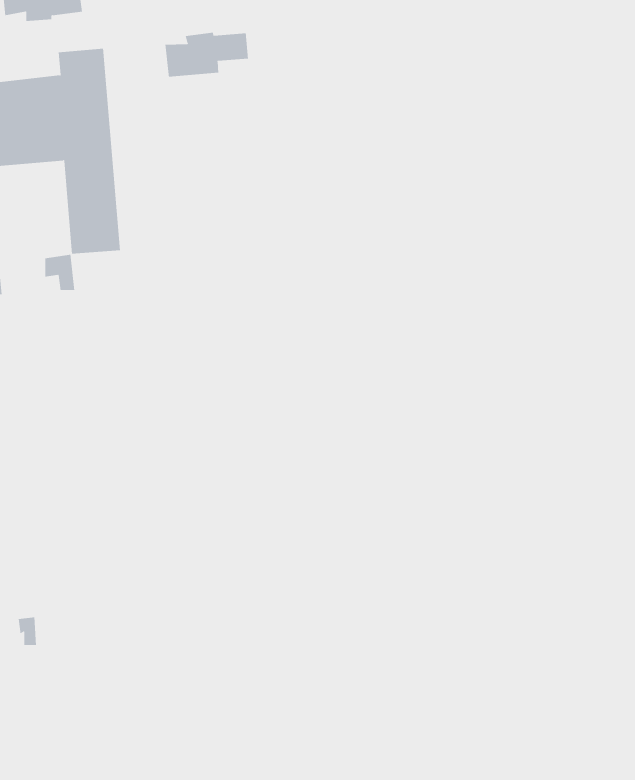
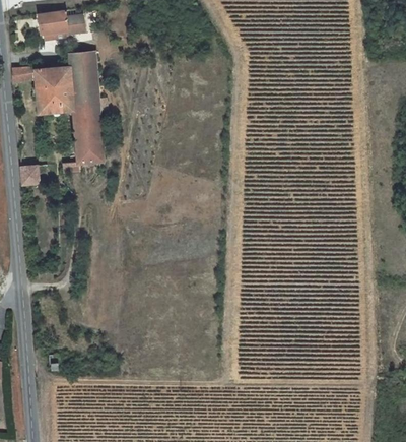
building: [165,32,248,77] -> none

